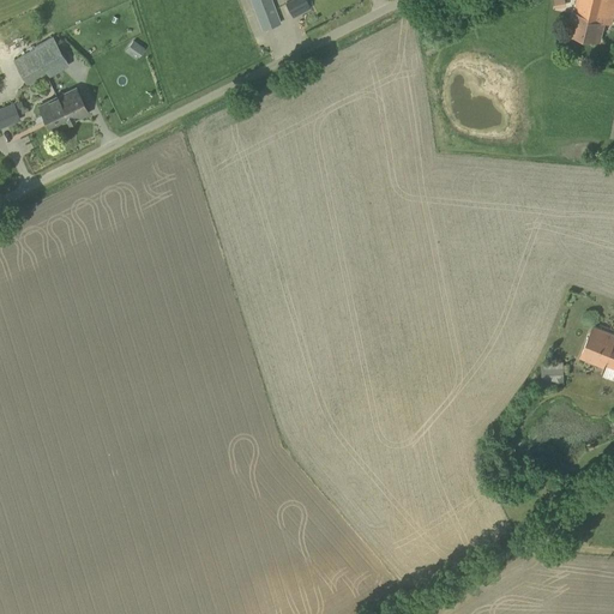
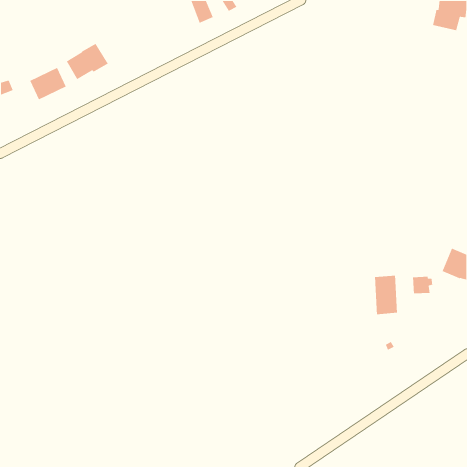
building: [13,37,70,86] -> [66,43,109,80]
building: none -> [374,275,398,315]

